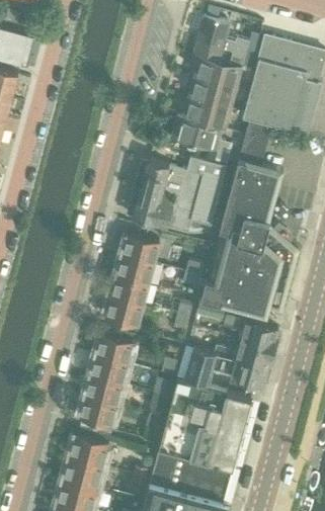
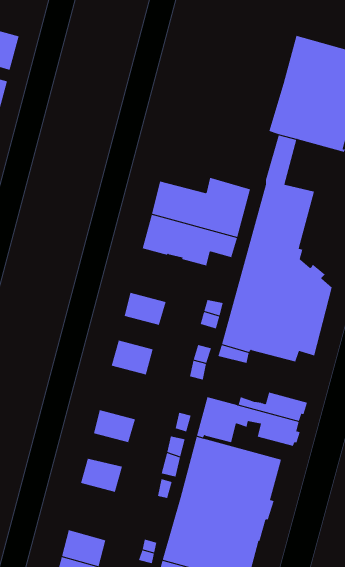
building: [170,16,256,165] -> none
building: [123,235,159,264] -> none
building: [112,276,148,305] -> none
building: [225,316,277,350] -> none
building: [96,335,133,364] -> none
building: [86,376,121,405] -> none
building: [70,434,109,467] -> none

